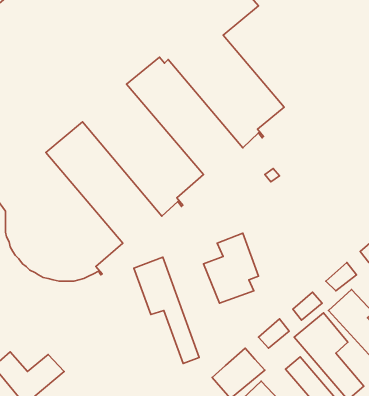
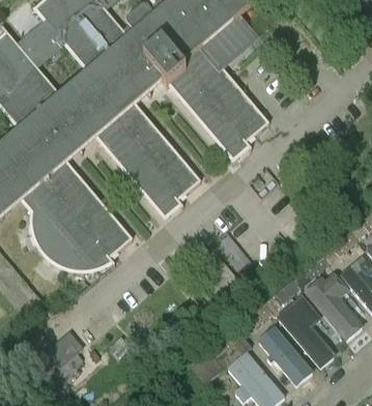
building: [134,257,199,363] -> none

